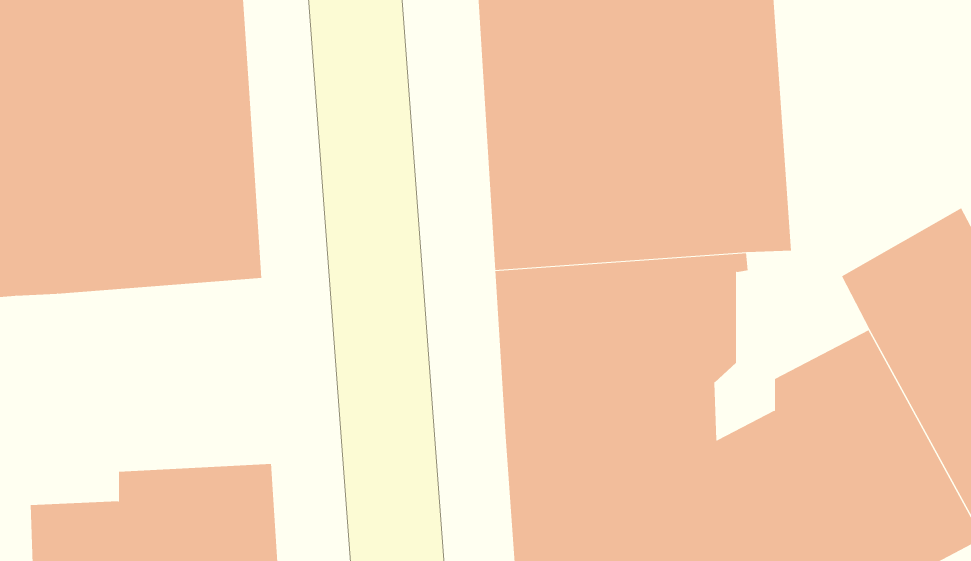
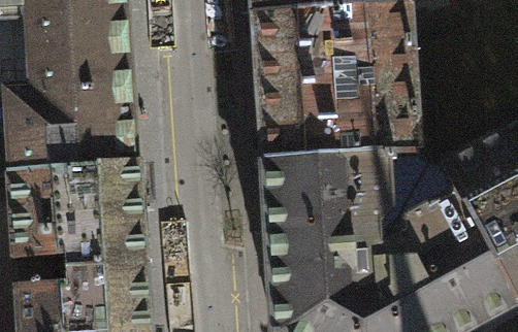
building: none -> [9,166,143,267]

